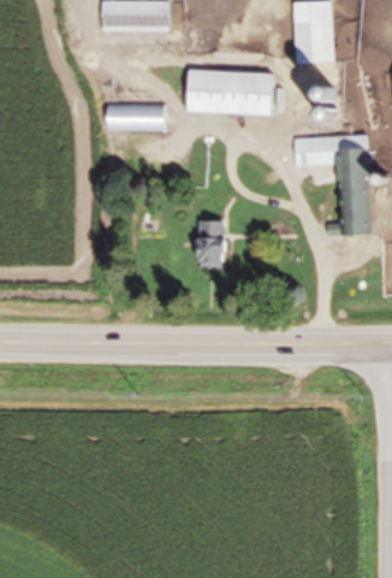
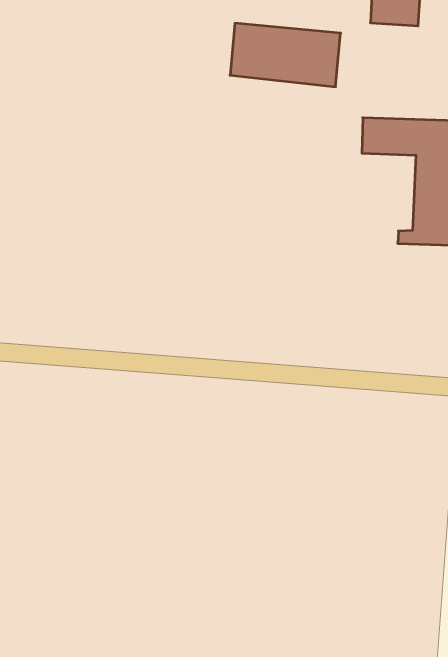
building: [107,102,165,130] -> none
building: [198,219,224,266] -> none

